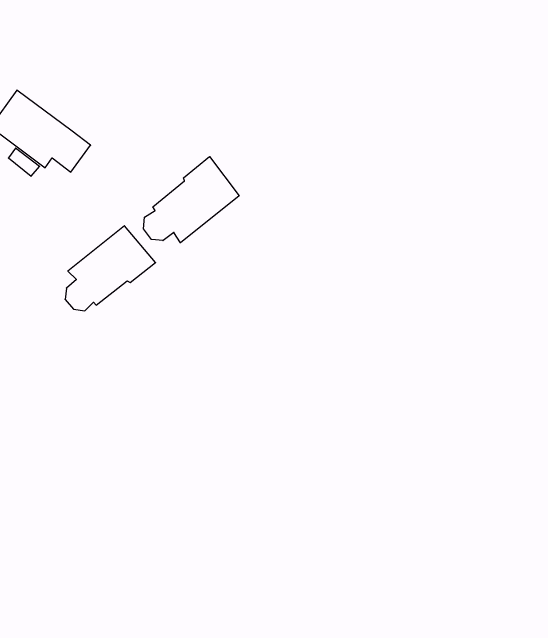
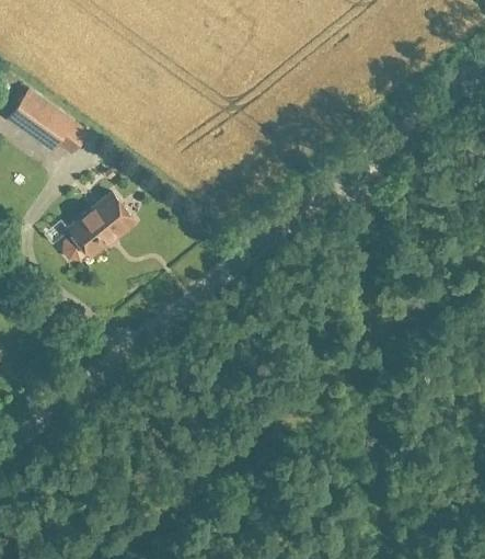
building: [143,157,239,243] -> none

